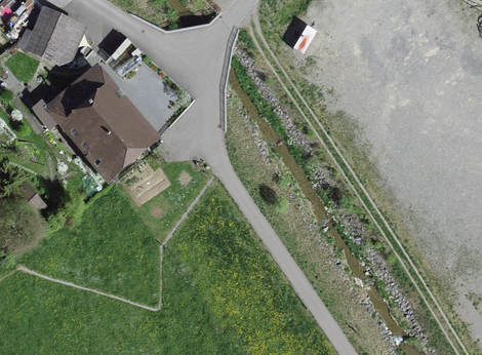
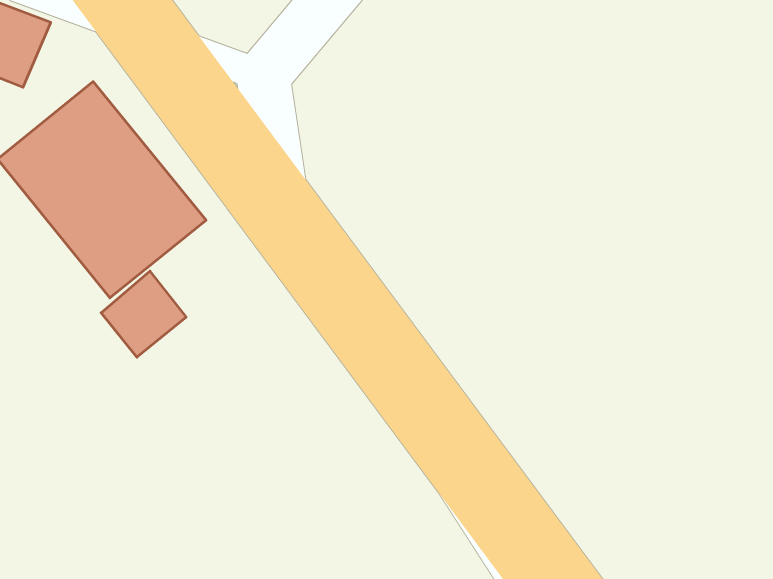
building: none -> [101,271,186,357]

